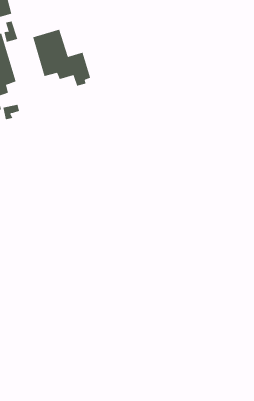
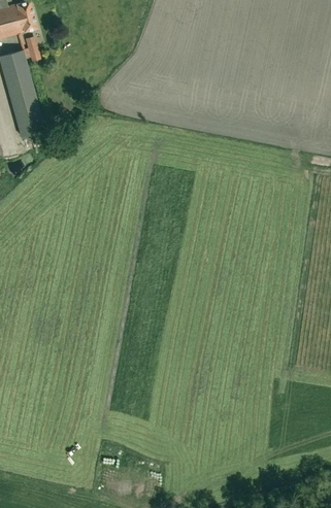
building: [33,29,91,86] -> none

